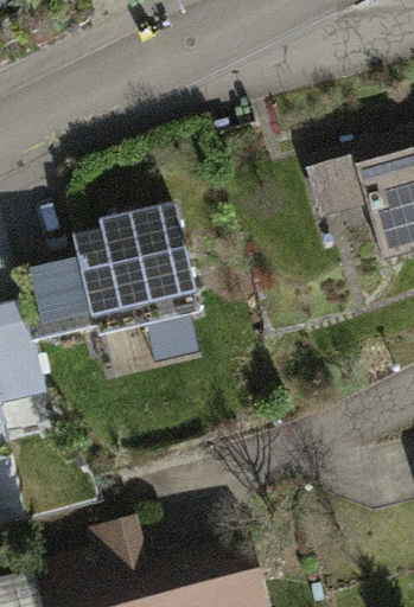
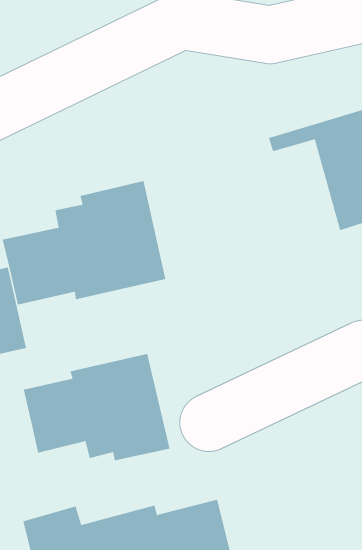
building: none -> [23,353,170,461]

